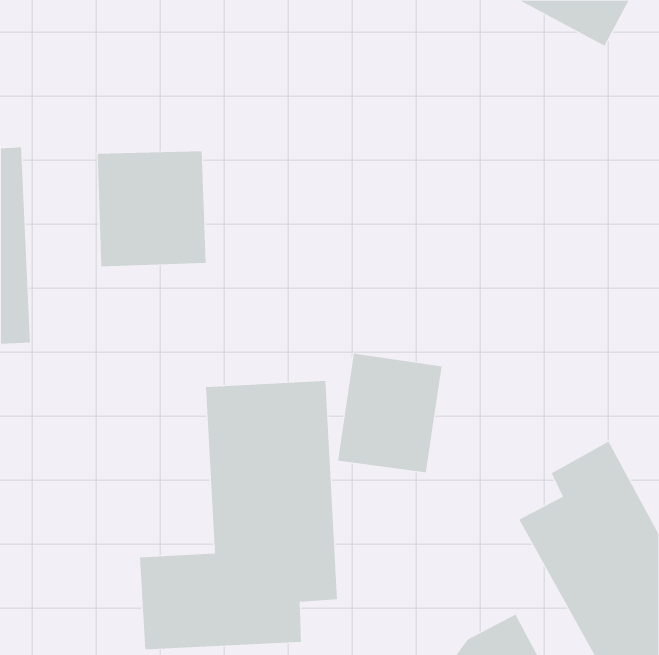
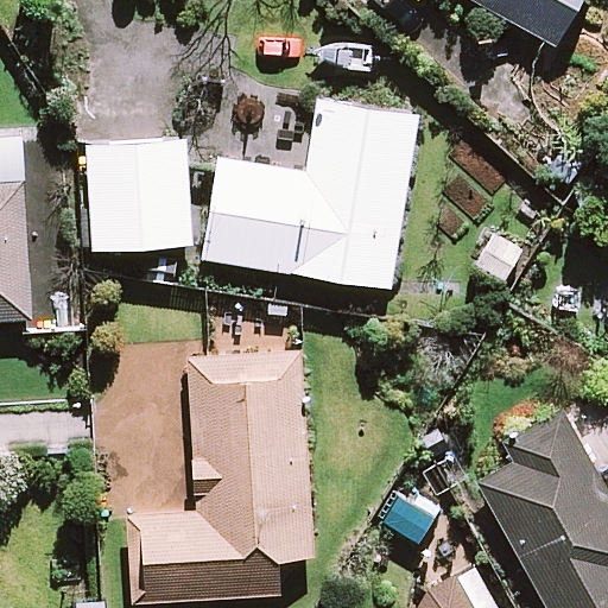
building: none -> [203,103,416,287]
building: [338,353,442,473] -> none

